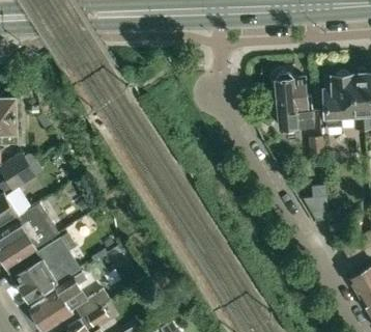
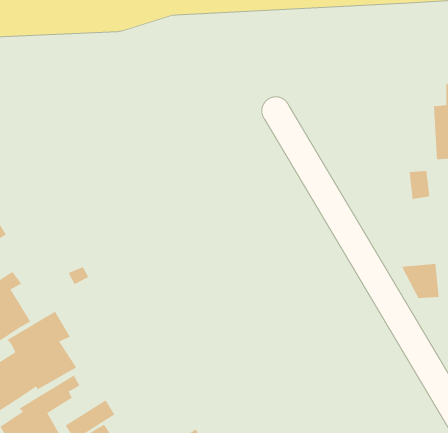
building: [275,74,319,127] -> none

